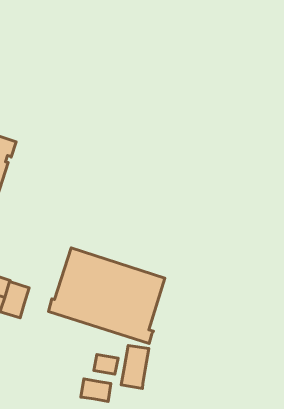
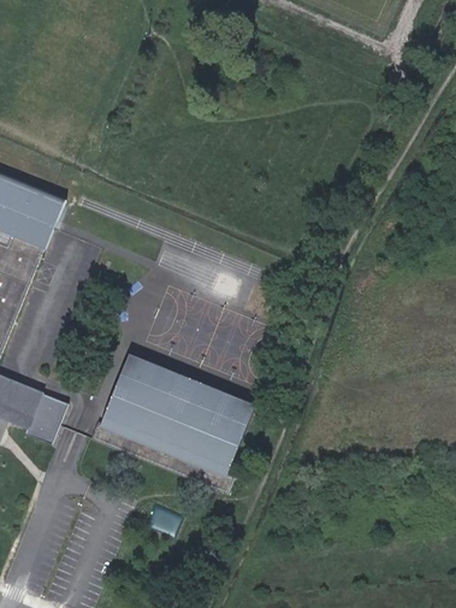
building: [121,345,149,388] -> none
building: [81,379,111,401] -> none

